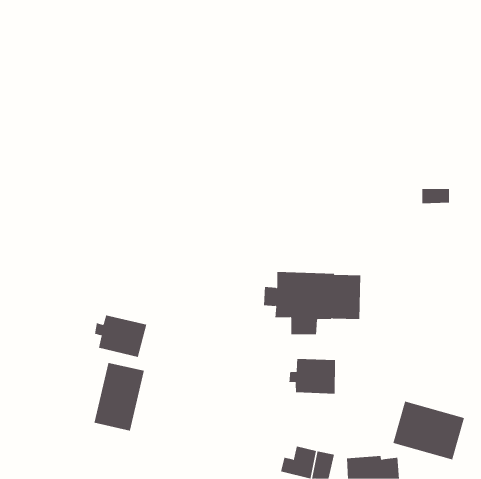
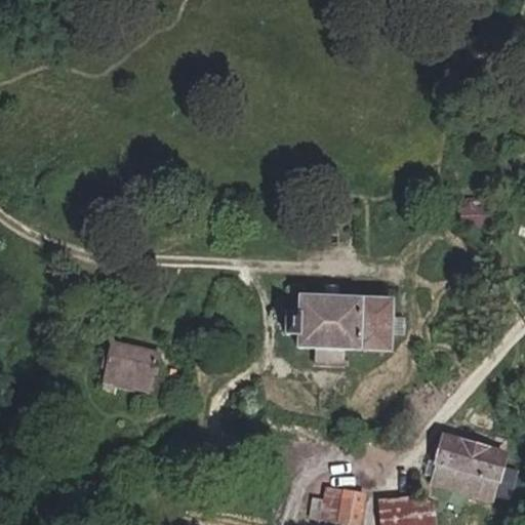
building: [289,358,335,394] -> none
building: [94,362,145,431] -> none

